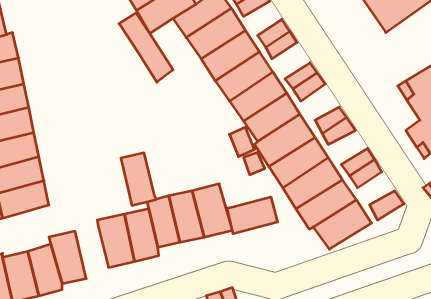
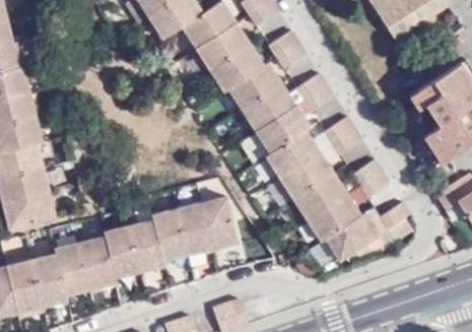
building: [119,13,173,82] -> none
building: [121,153,156,205] -> [83,237,119,289]
building: [227,197,278,234] -> none

